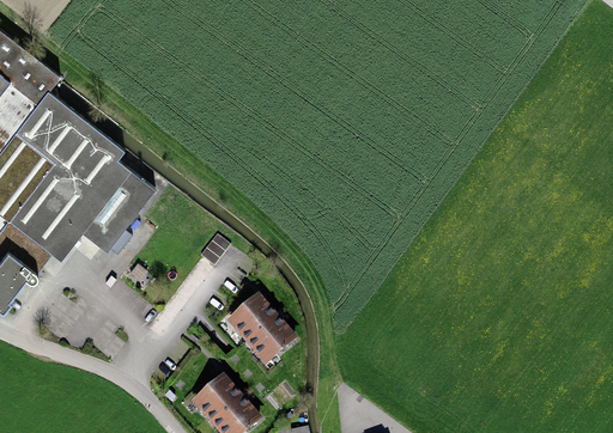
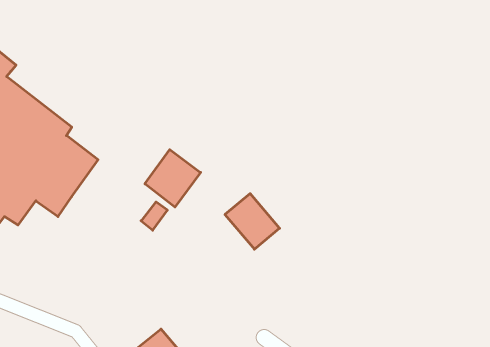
building: none -> [145,150,201,207]
building: [227,297,290,360] -> [225,194,280,249]

